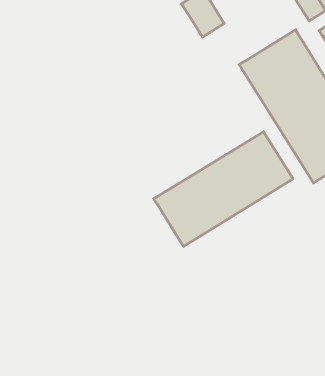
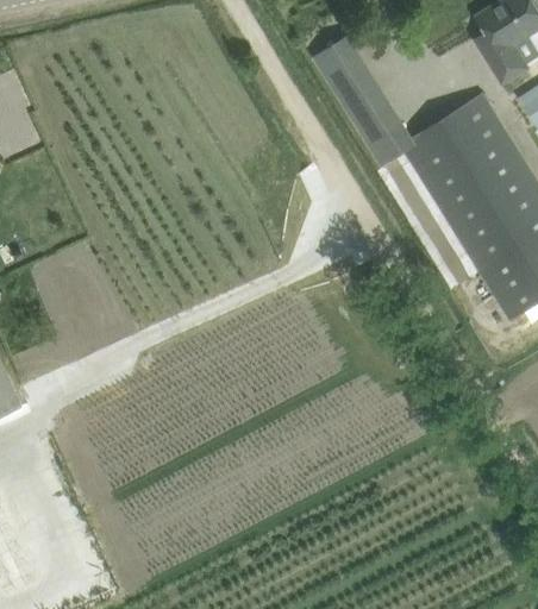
building: none -> [345,86,409,165]
building: [154,132,293,247] -> none

